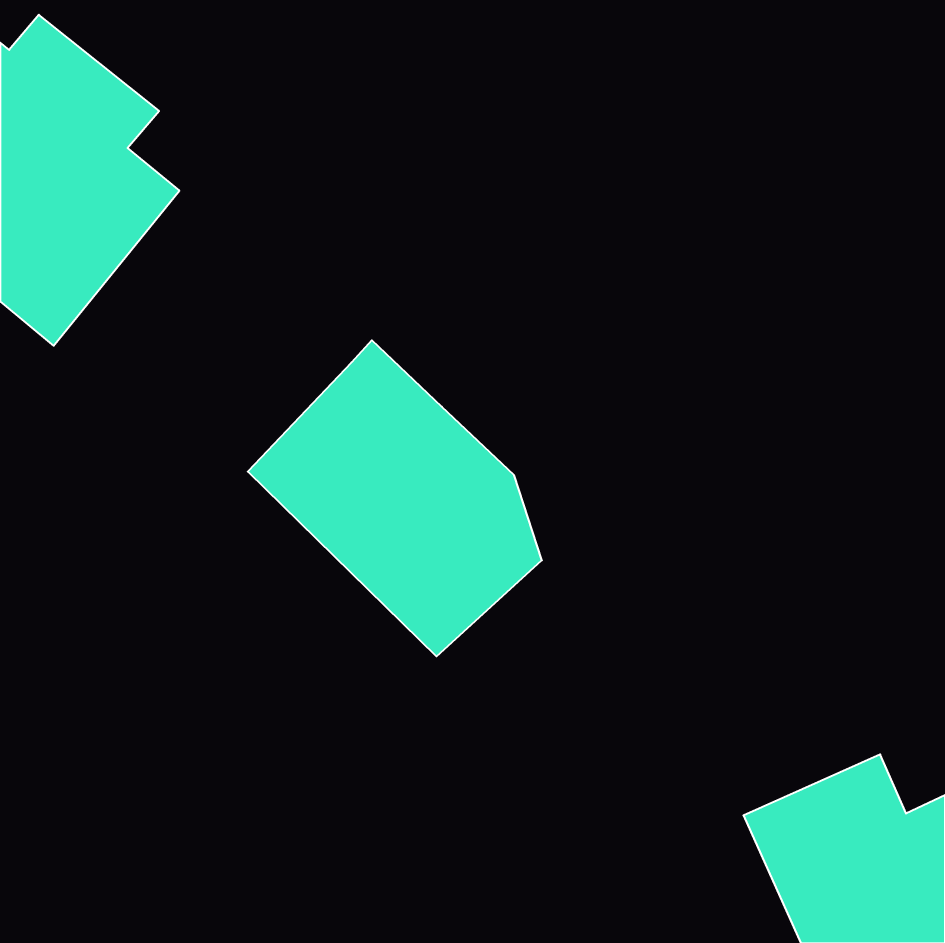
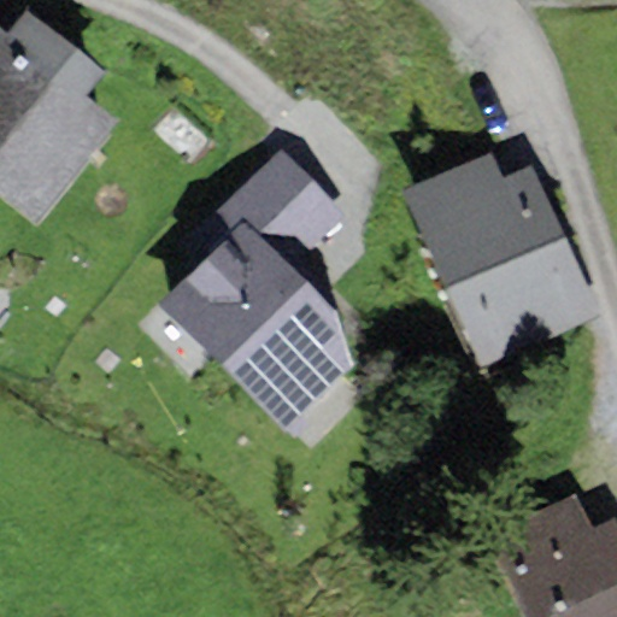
building: none -> [401,149,600,366]
building: none -> [212,151,341,265]

